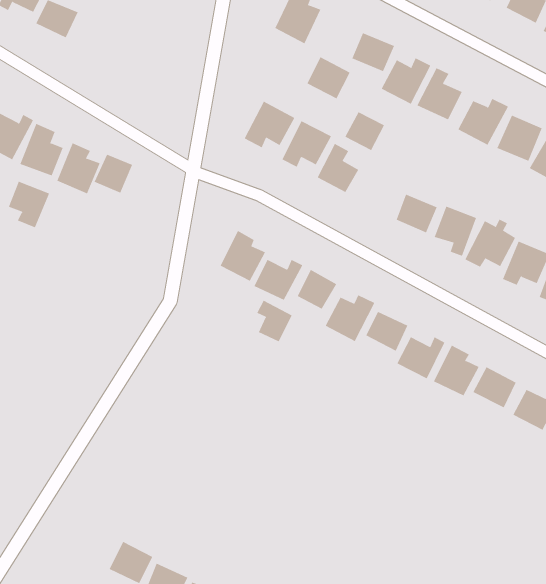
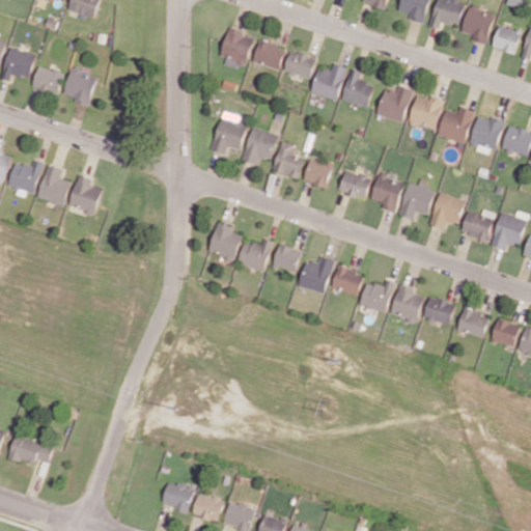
building: none -> [62,68,96,104]
building: [306,57,351,99] -> [252,39,285,71]
building: [345,111,385,151] -> [302,159,332,188]
building: [94,154,133,194] -> none
building: [8,181,50,228] -> none
building: [257,300,293,342] -> none

